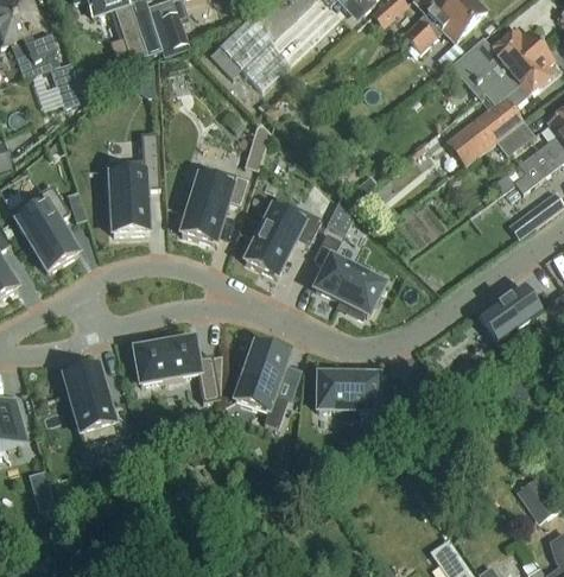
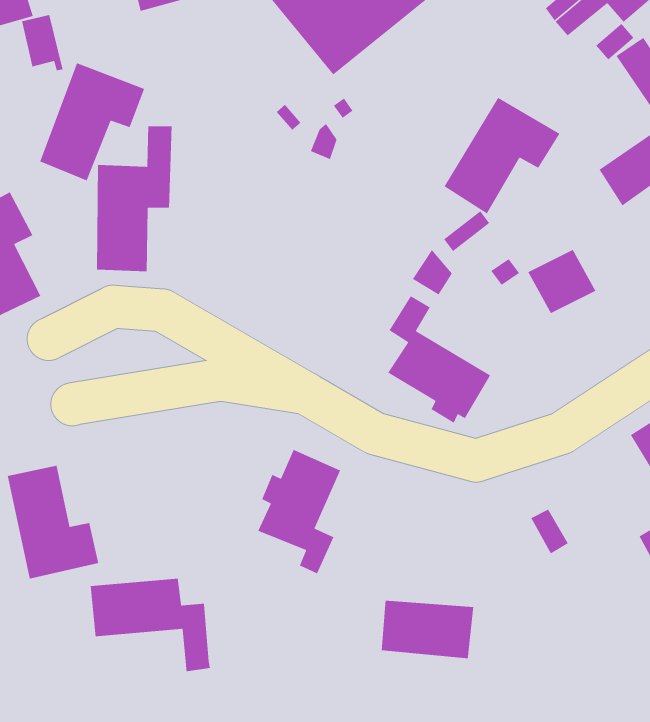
building: [182,164,249,243] -> [39,62,145,181]
building: [246,197,322,277] -> [443,97,560,214]
building: [134,338,220,401] -> [90,578,211,672]
building: [318,374,379,410] -> [381,600,474,659]

